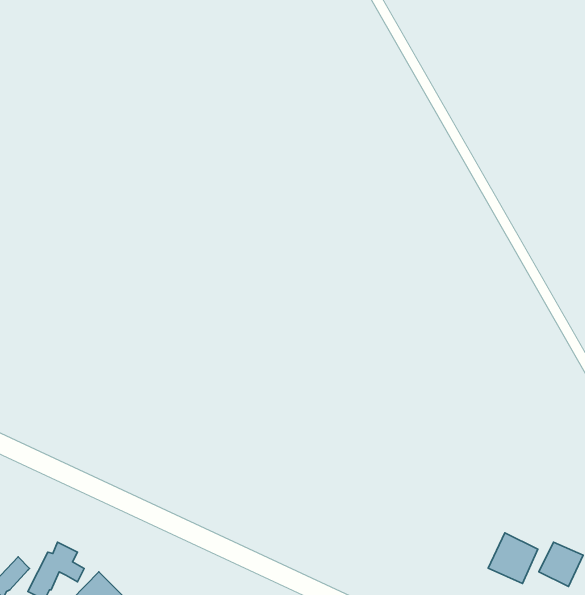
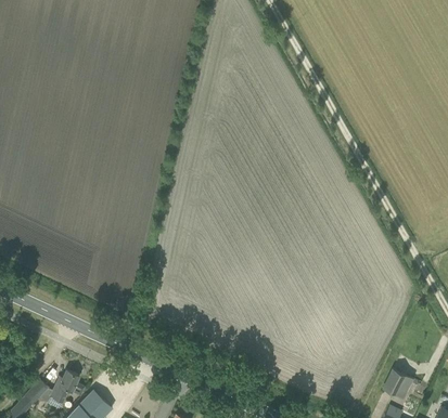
building: [488,533,538,583] -> none

